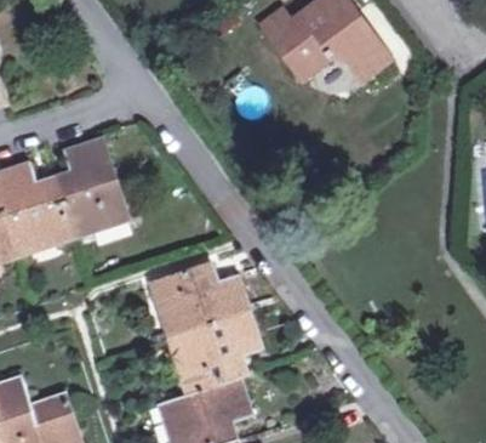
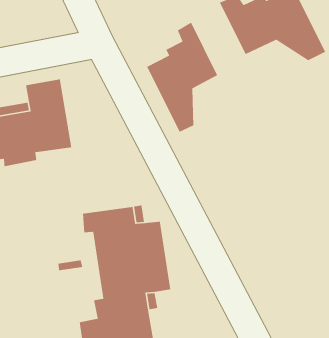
building: none -> [146,21,218,133]

